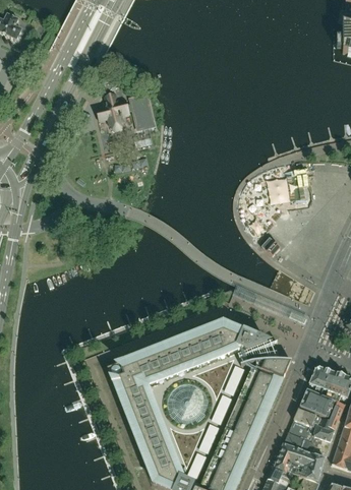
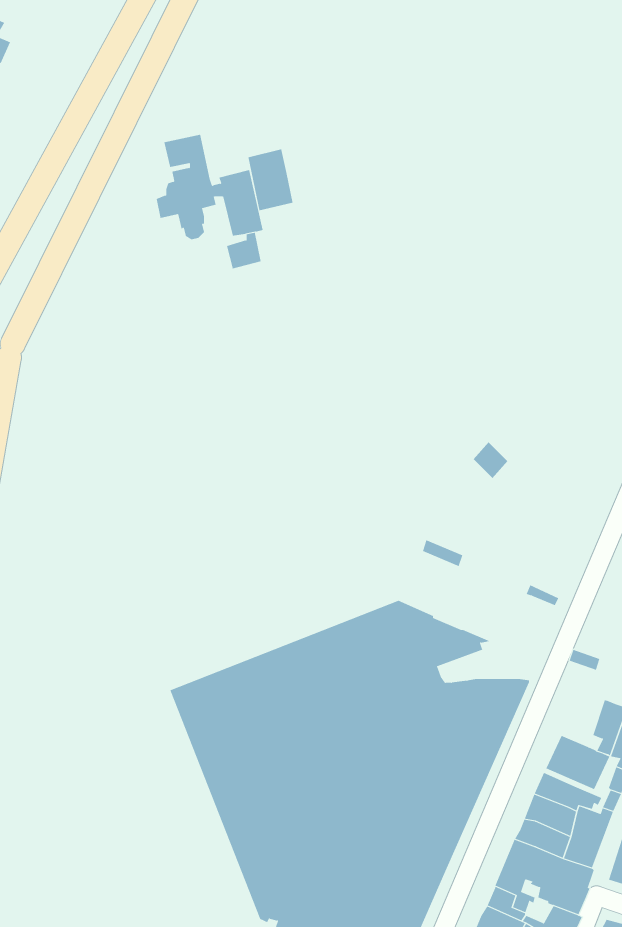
building: none -> [248,149,293,211]
building: [308,365,331,393] -> none

